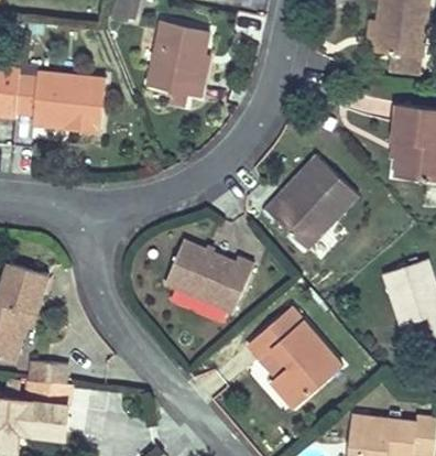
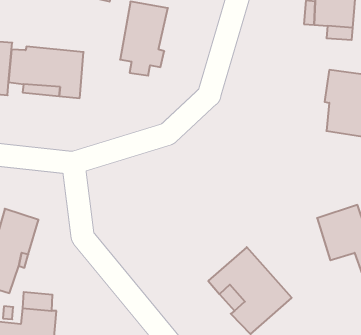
building: [269,153,366,245] -> none
building: [163,240,251,311] -> none

